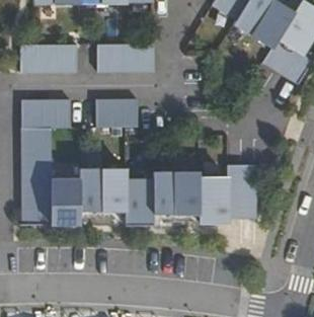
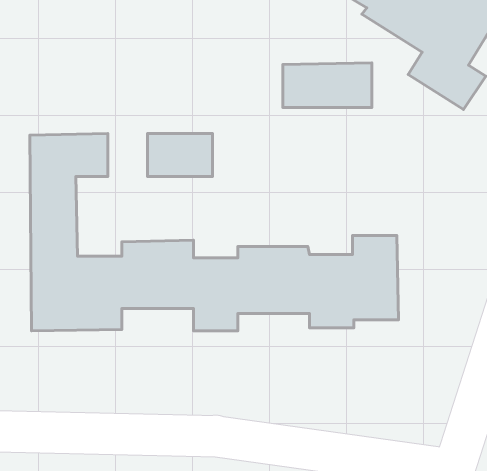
building: [98,45,155,73] -> [283,63,372,107]
building: [21,46,78,73] -> none

